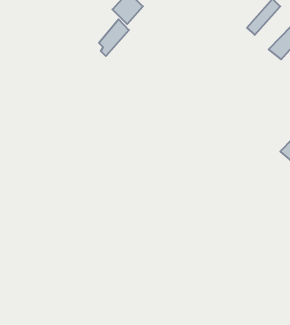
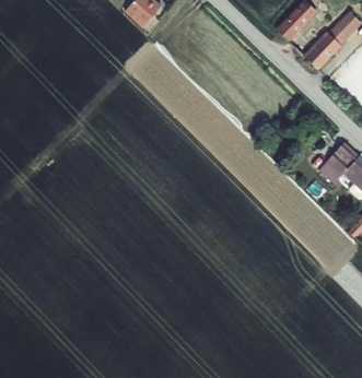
building: [99,19,129,56] -> none

